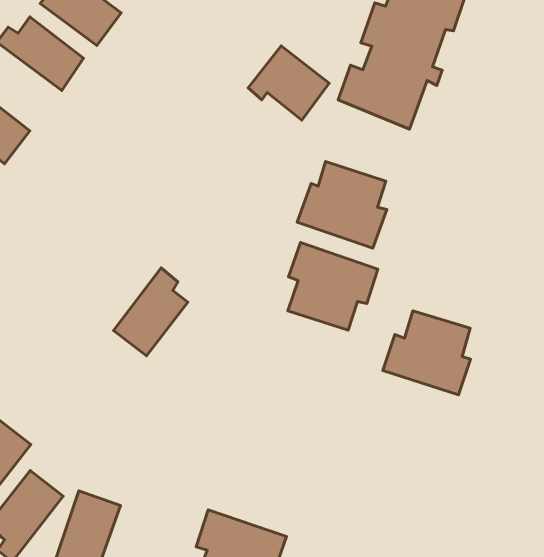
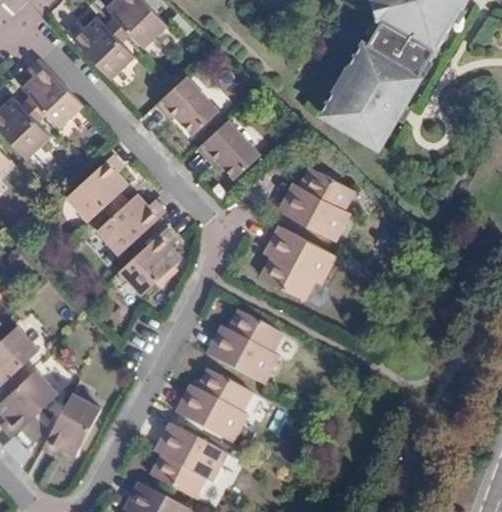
building: [248,46,329,120] -> [193,123,256,183]
building: none -> [153,79,216,138]
building: none -> [67,155,129,220]
building: none -> [96,193,165,254]
building: [383,311,470,395] -> [207,312,280,383]
building: none -> [176,368,251,441]

